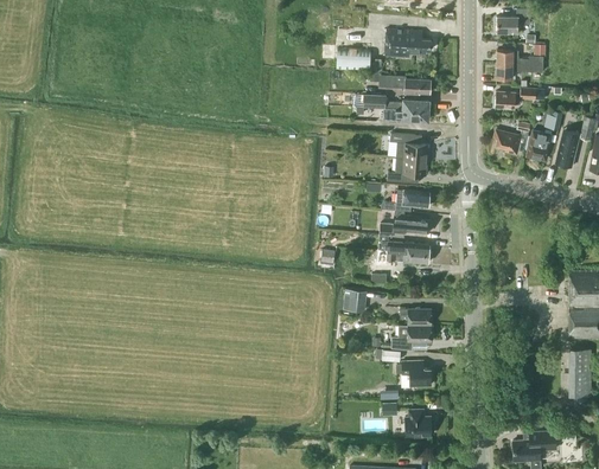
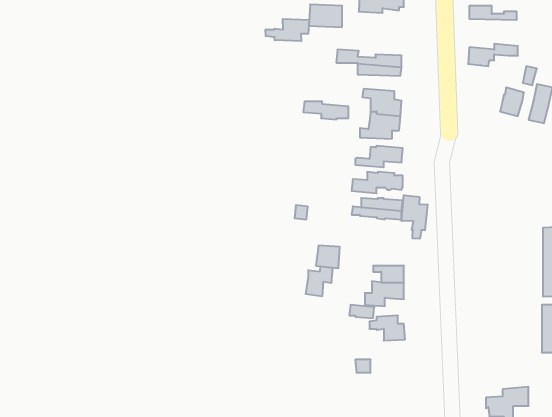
building: [496,63,543,79] -> none
building: none -> [265,19,309,41]
building: [385,76,431,94] -> [303,102,348,119]
building: [495,121,530,153] -> none
building: none -> [401,195,427,239]
building: none -> [306,266,332,296]
building: [404,409,433,436] -> none

